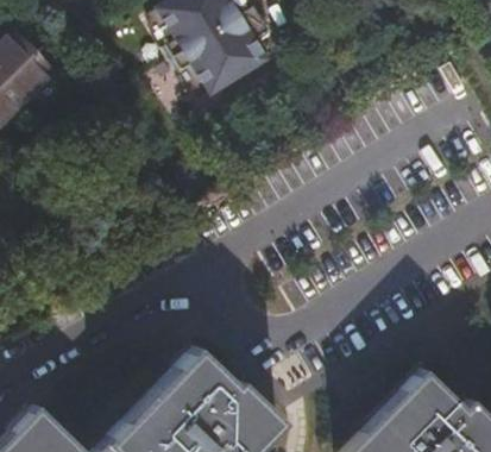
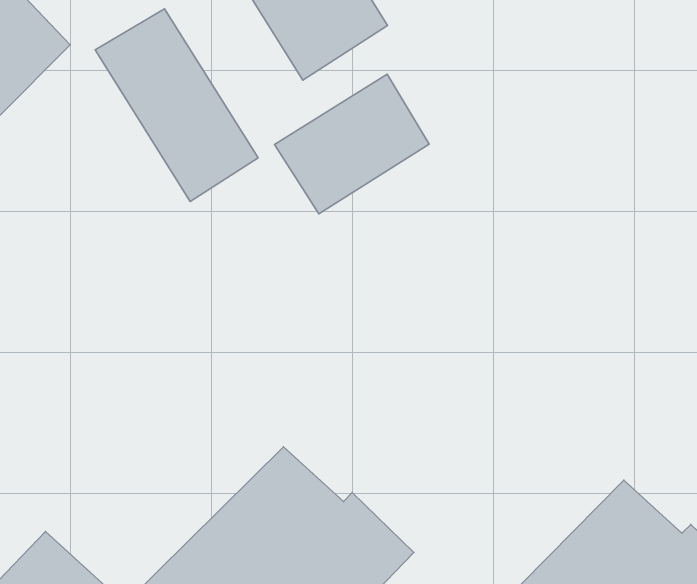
building: none -> [95,9,258,202]
building: none -> [275,74,429,214]

